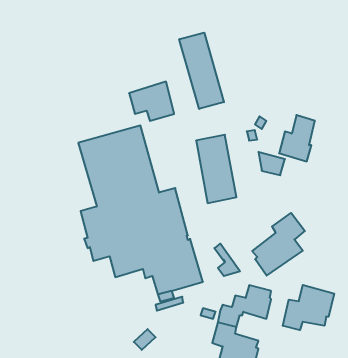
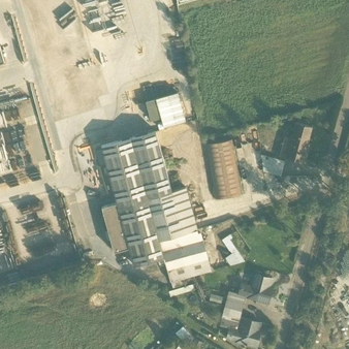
building: [179,33,224,109] -> none
building: [252,213,305,276] -> none
building: [283,285,334,330] -> none

